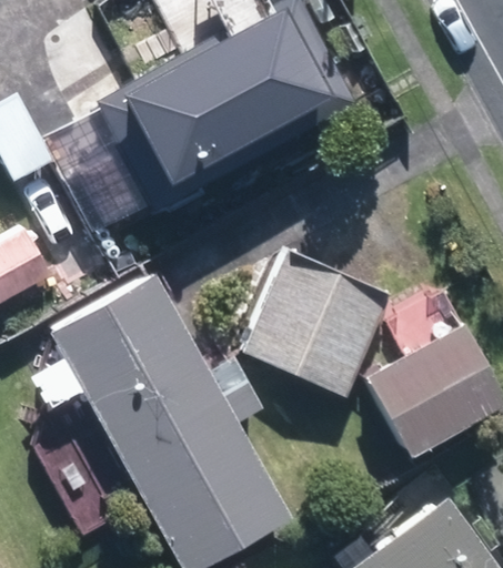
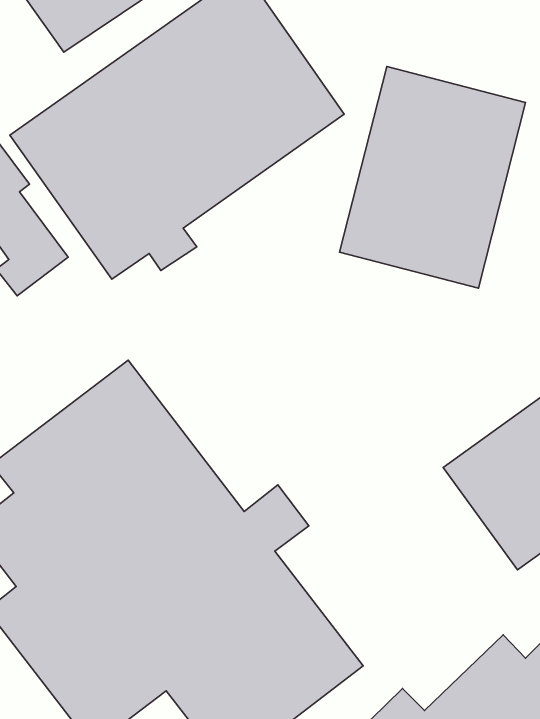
building: none -> [340,66,526,288]
building: [240,251,394,398] -> none

